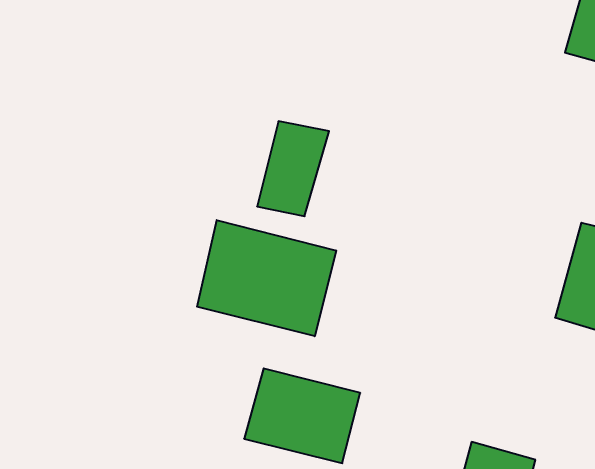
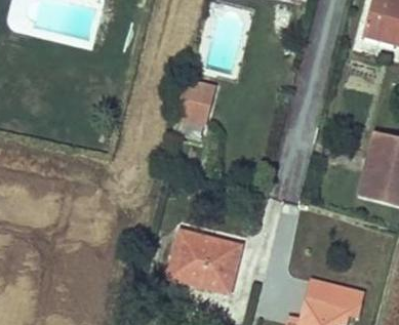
building: [197,220,336,336] -> none

